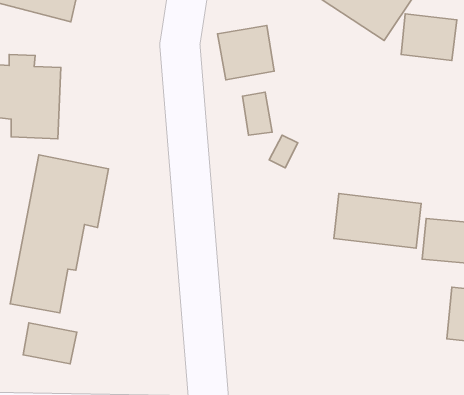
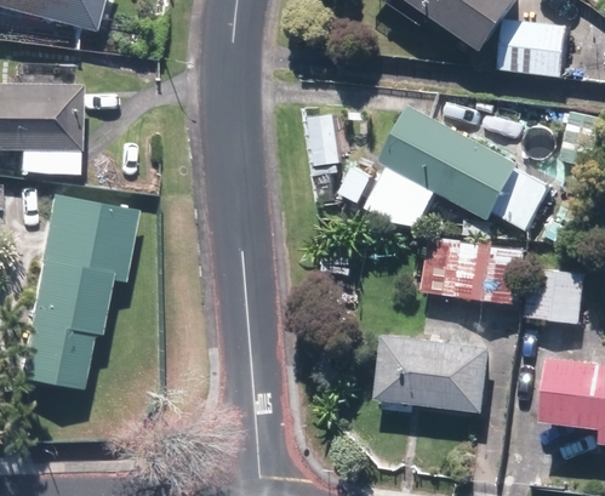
building: [218,25,274,80] -> none
building: none -> [366,107,546,236]
building: none -> [384,336,496,409]
building: [23,323,77,364] -> none

